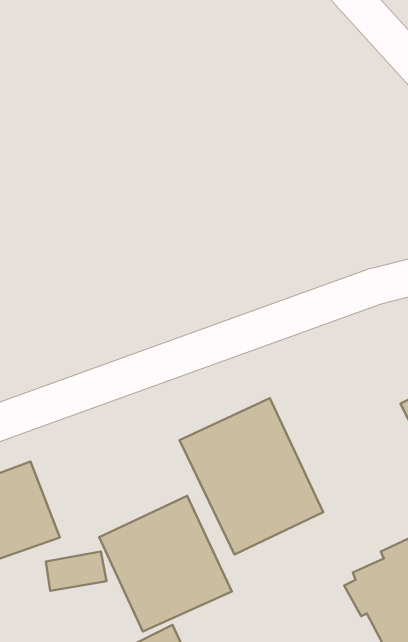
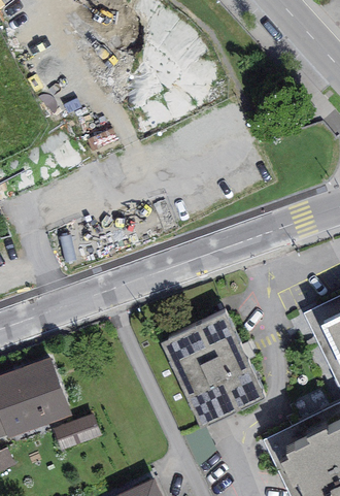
building: [99,496,232,632] -> none

